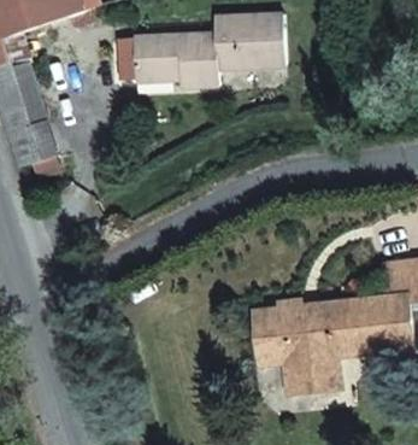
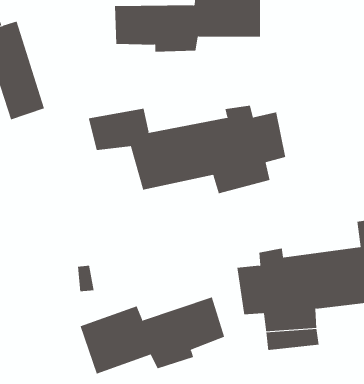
building: none -> [88,105,286,194]
building: none -> [80,297,225,374]

